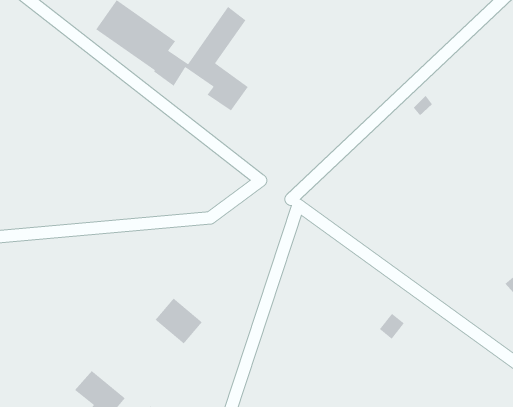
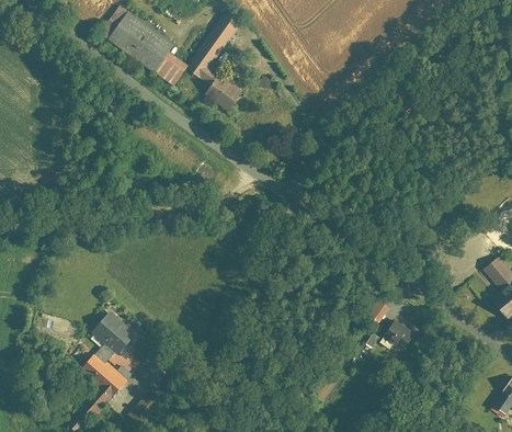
building: [155,298,203,344] -> [92,311,137,355]
building: none -> [385,320,418,350]

